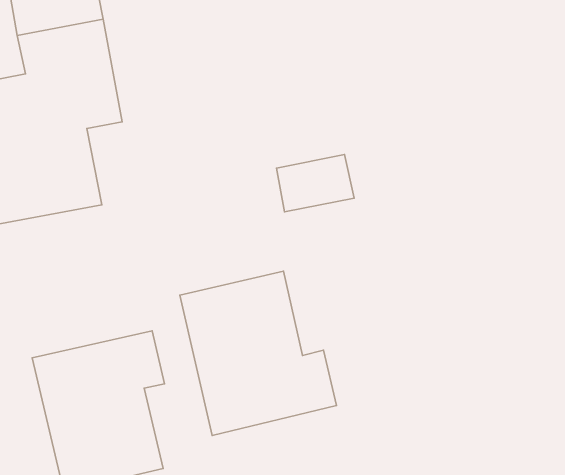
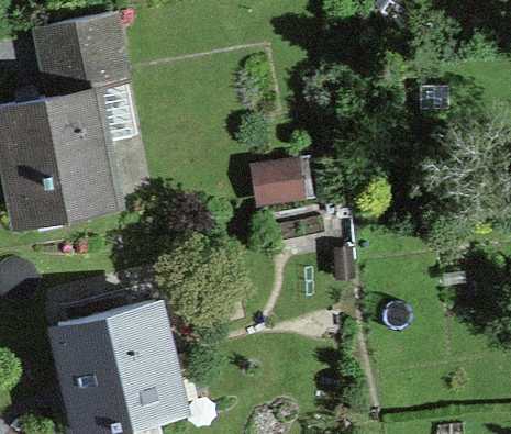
building: [180,271,337,435] -> none

